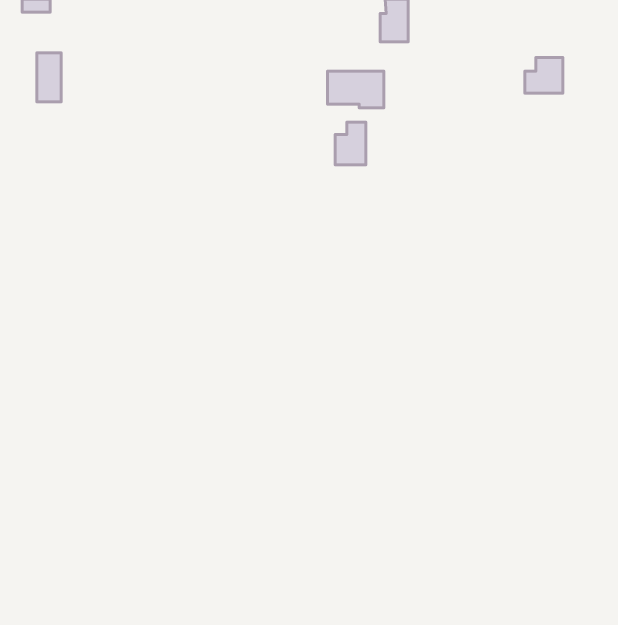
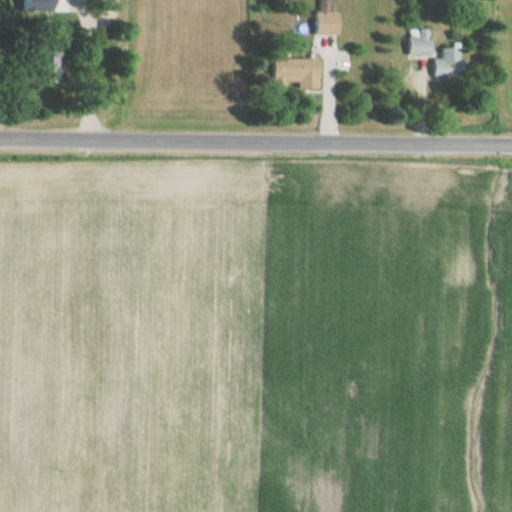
building: none -> [411,28,433,55]
building: [335,122,366,165] -> none

